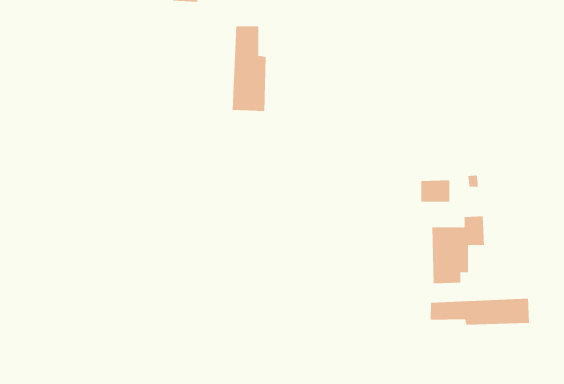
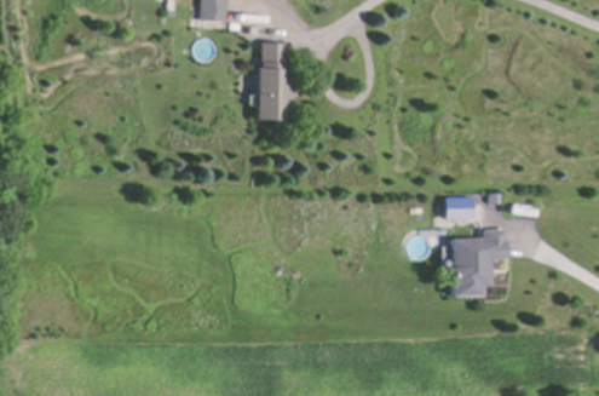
building: [430,298,530,326] -> none

